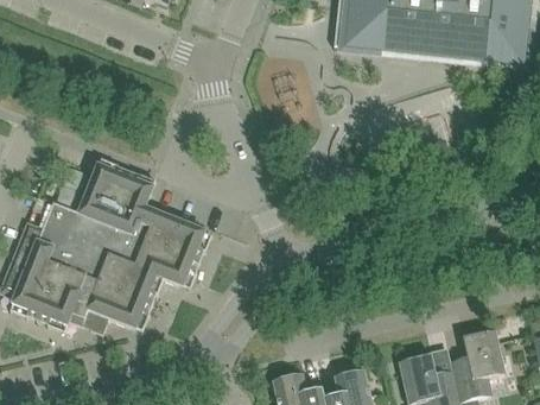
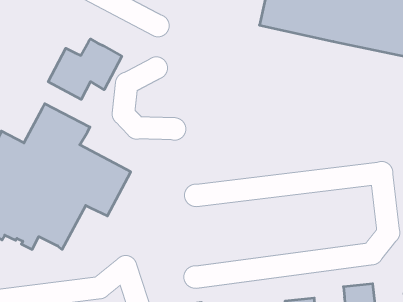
building: none -> [48,39,122,99]

